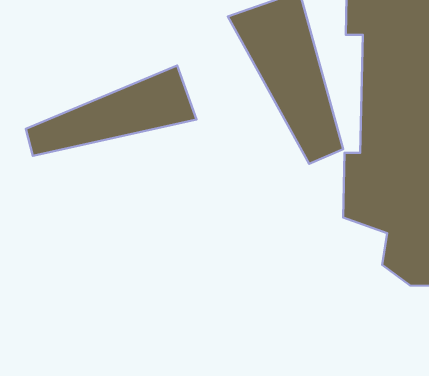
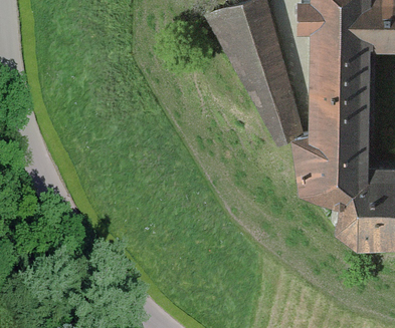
building: [26,65,197,156] -> none

